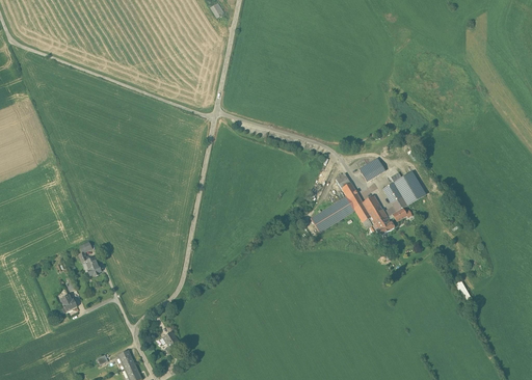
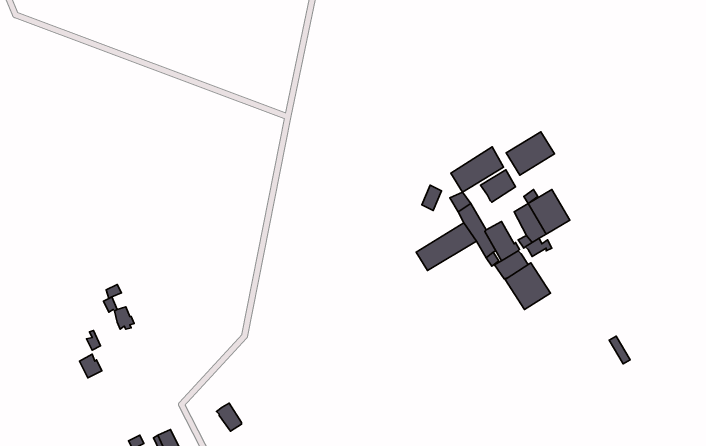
building: none -> [506,132,555,175]
building: none -> [451,147,504,192]
building: none -> [505,263,550,310]

